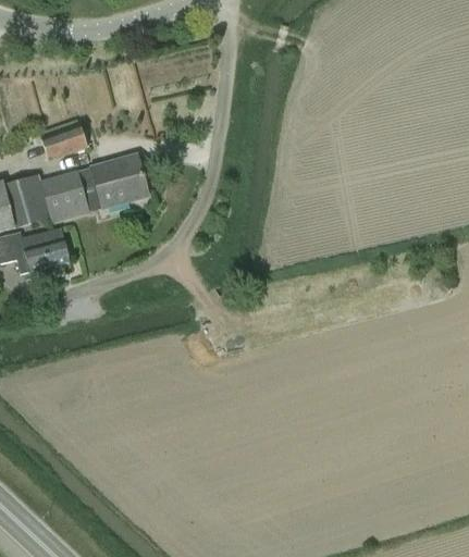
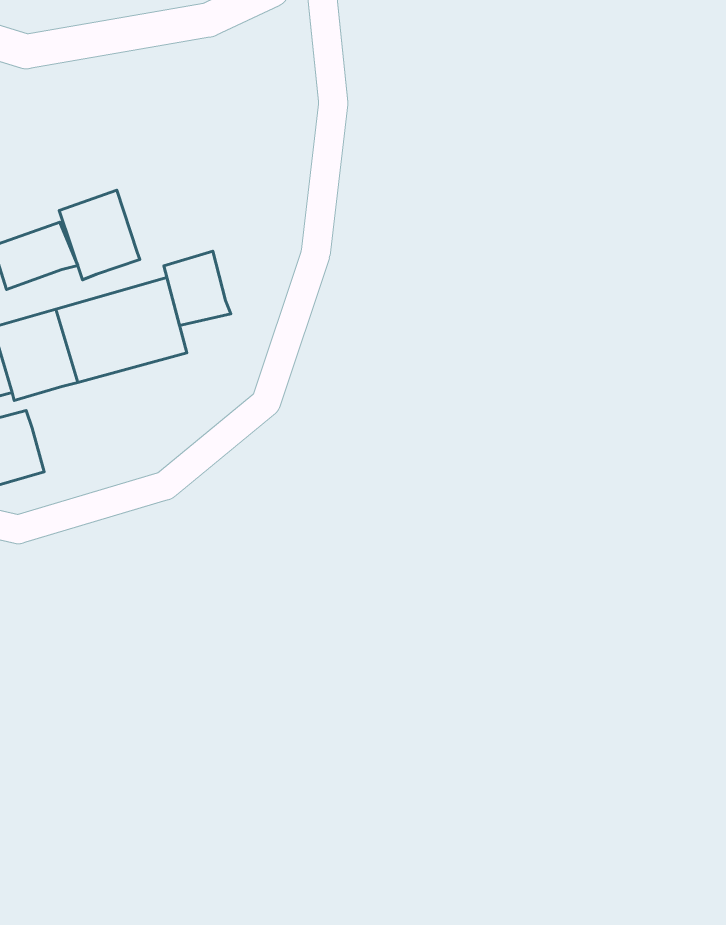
building: none -> [59,190,140,280]
building: none -> [164,251,231,326]

